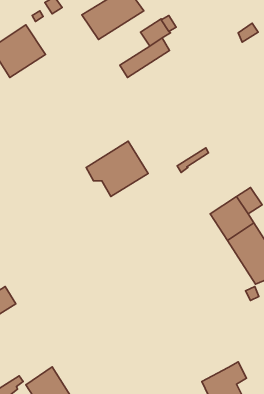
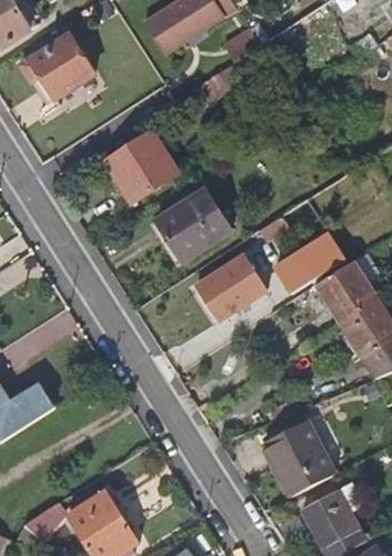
building: none -> [106,133,178,205]
building: none -> [270,228,346,294]
building: none -> [199,257,268,321]
building: none -> [264,424,331,498]

